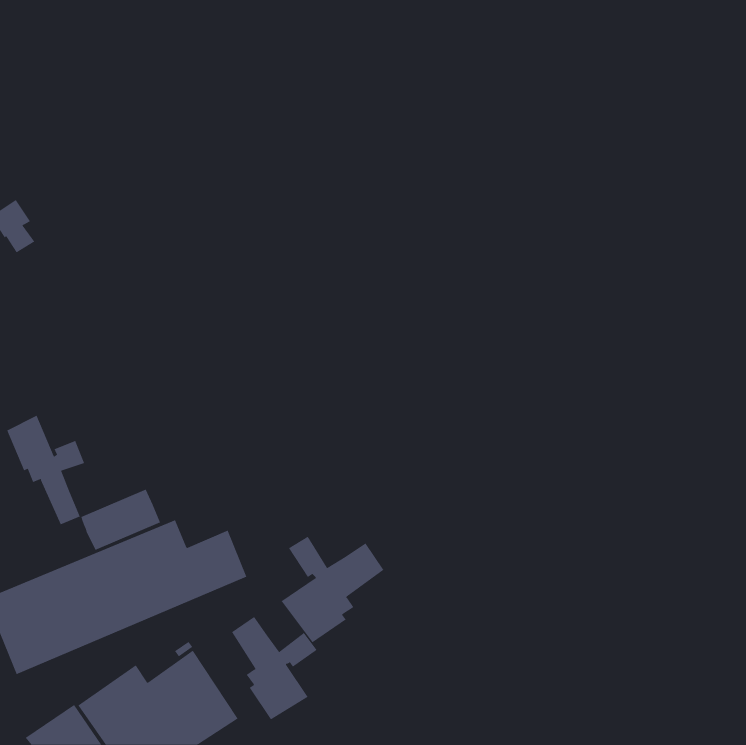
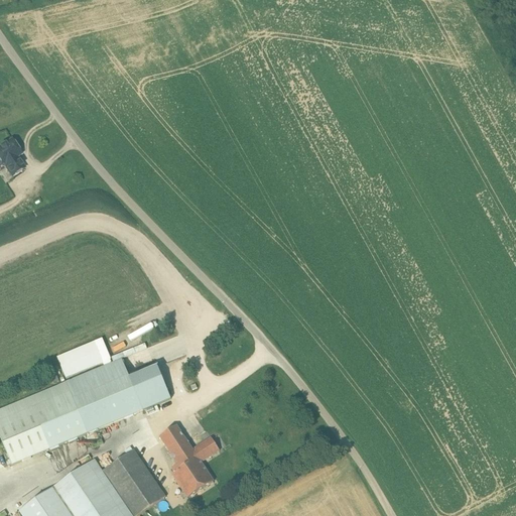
building: [6,415,85,525] -> none
building: [281,536,384,643] -> none

